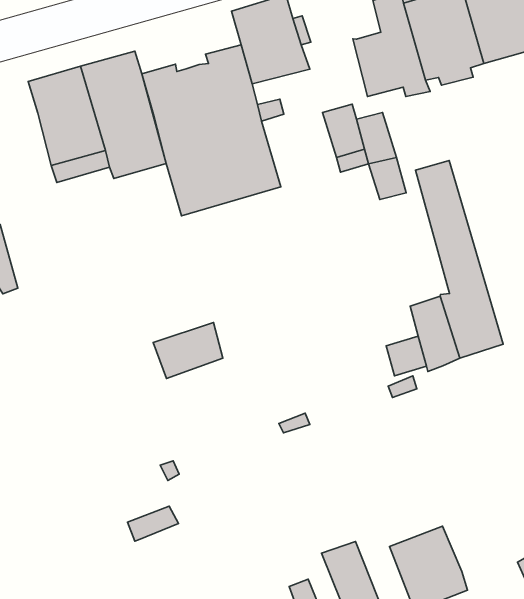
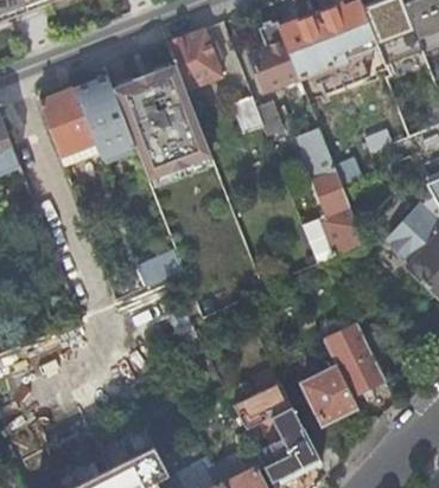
building: none -> [323,323,384,394]

